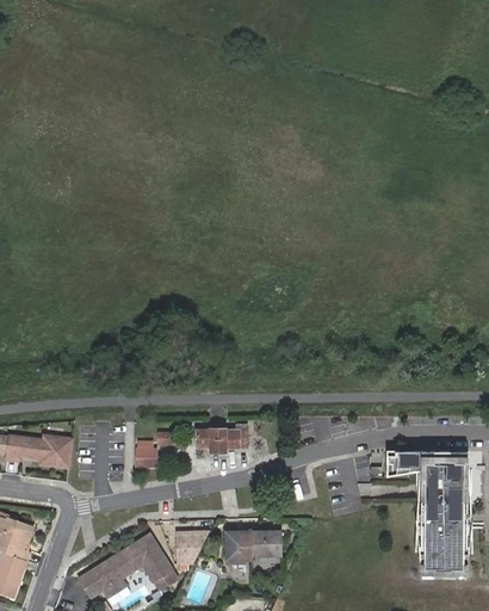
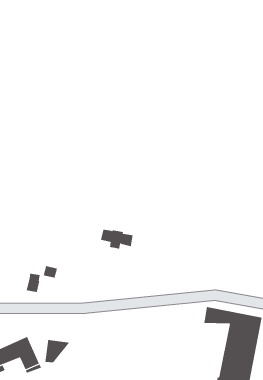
building: [196,428,241,453] -> [100,229,133,249]
building: [225,530,279,562] -> none

